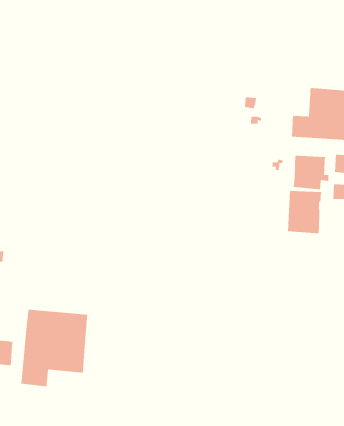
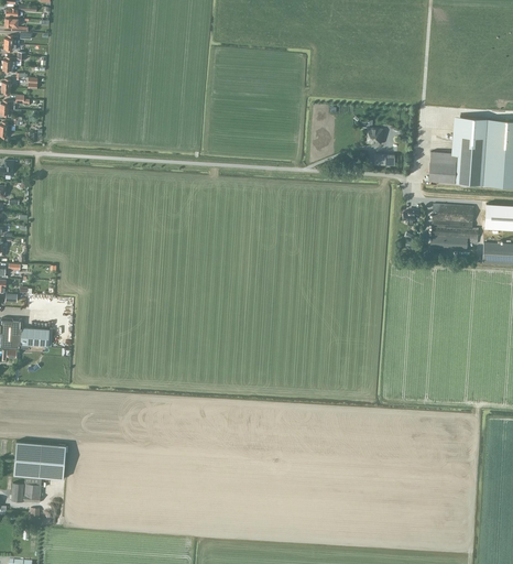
building: [287,190,322,234] -> none
building: [21,309,88,387] -> none

